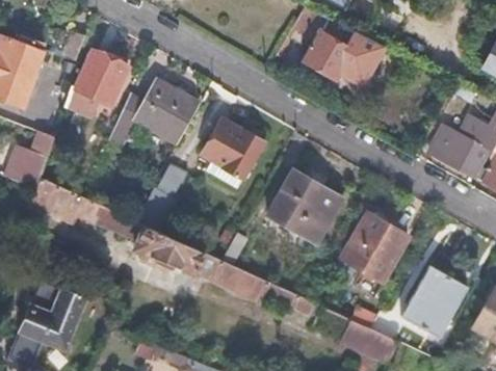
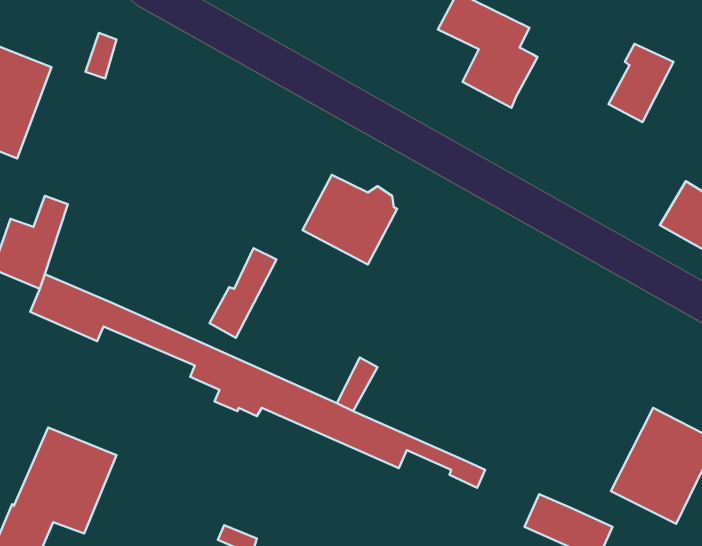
building: [340,30,382,80] -> [608,44,674,122]
building: [64,50,128,109] -> none
building: [110,79,199,149] -> none
building: [266,173,342,246] -> none
building: [345,212,410,281] -> none

